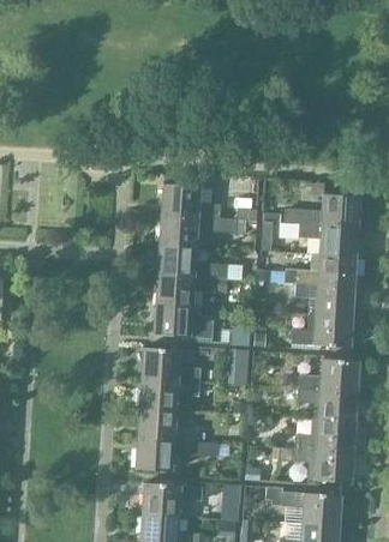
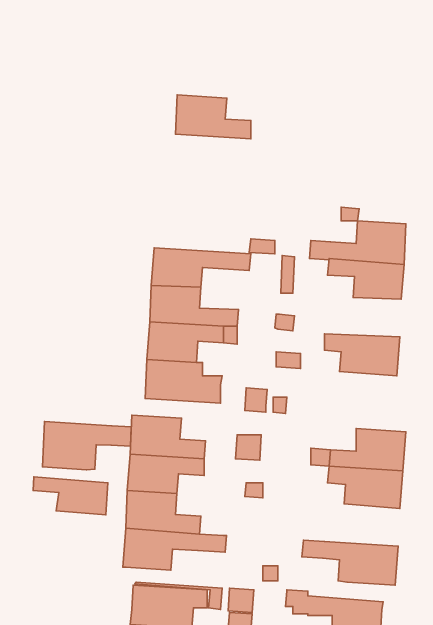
building: [160,183,220,218] -> [176,95,251,139]
building: [286,253,357,285] -> none
building: [292,313,353,347] -> none
building: none -> [42,422,131,470]
building: none -> [33,477,108,515]
building: [295,418,355,452] -> none

